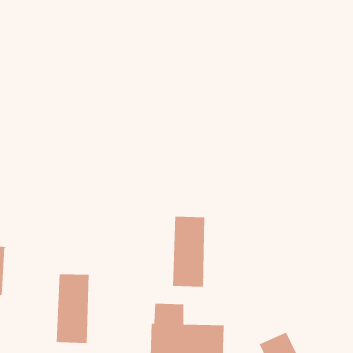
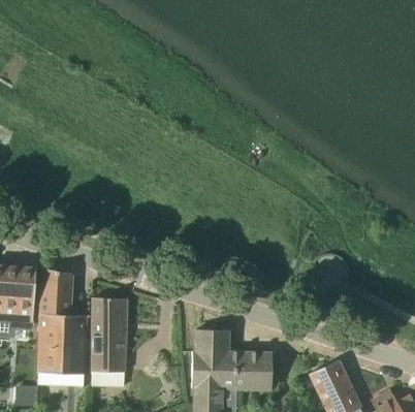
building: [172,216,205,288] -> none
building: none -> [37,268,88,373]

